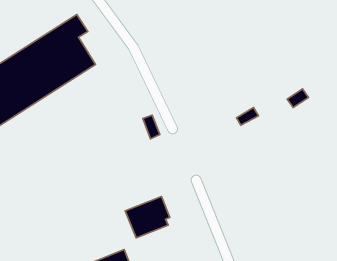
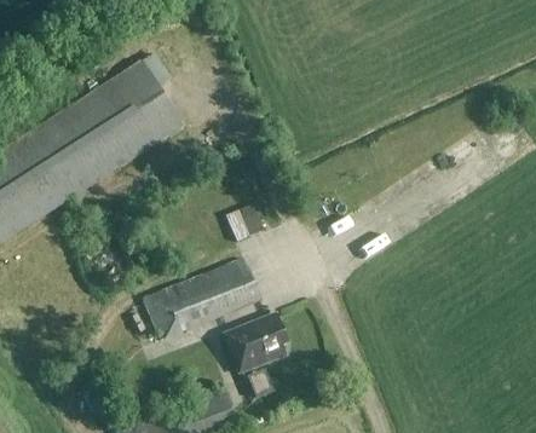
building: none -> [142,258,259,340]

